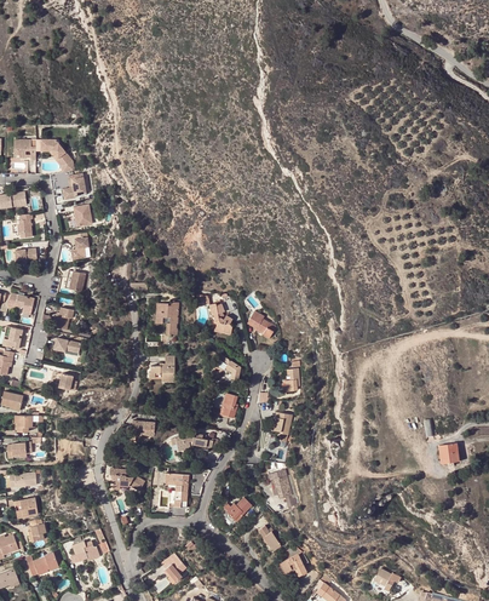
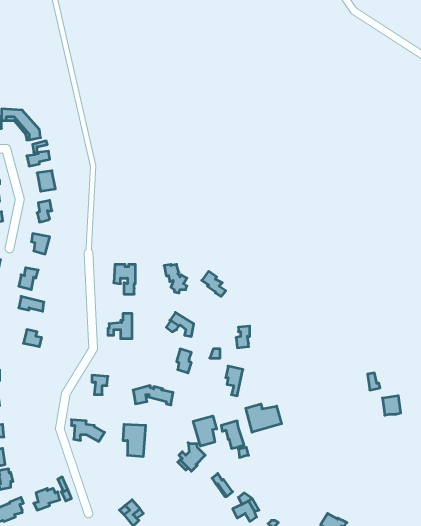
building: none -> [246,404,282,432]
building: none -> [193,416,217,446]

